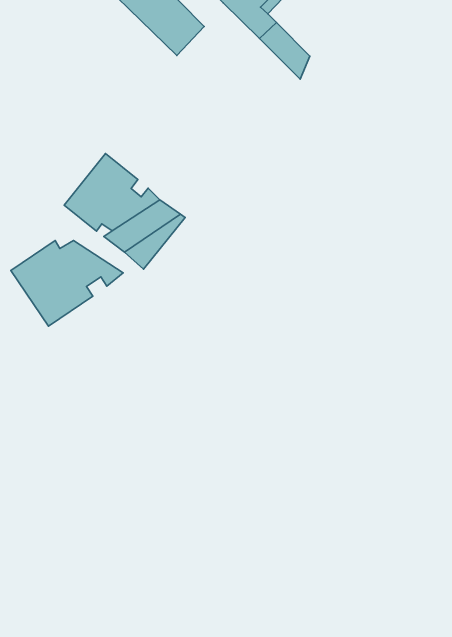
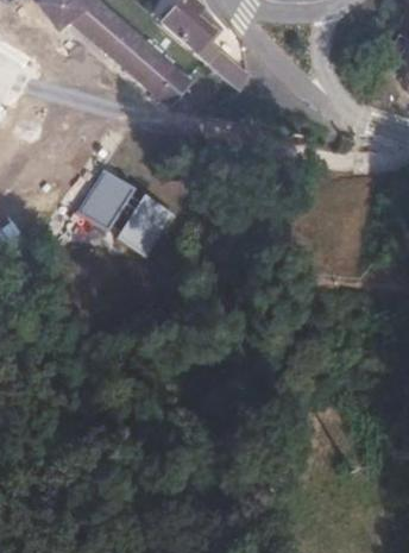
building: [11,240,123,326] -> none

